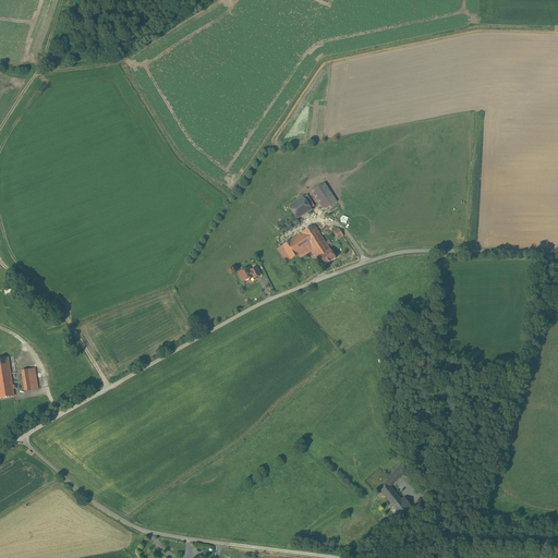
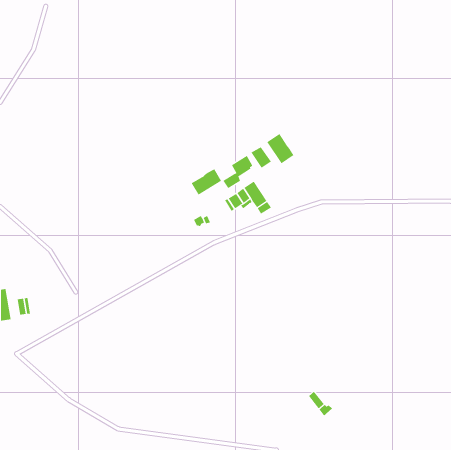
building: none -> [267,133,294,164]
building: none -> [191,168,222,195]

